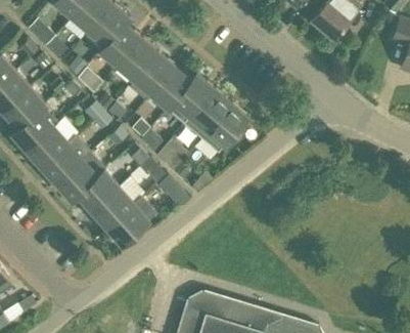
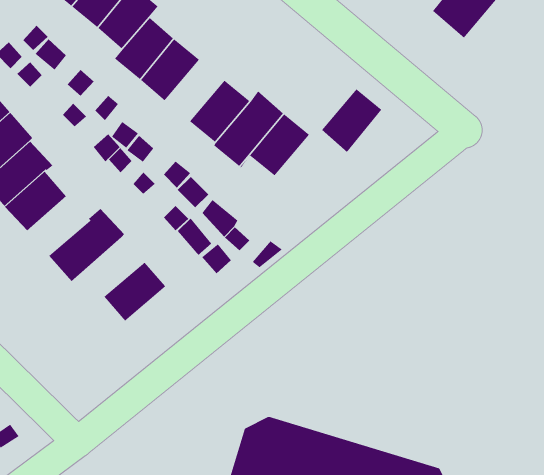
building: [133,52,173,93] -> none
building: [207,102,247,145] -> [321,89,382,153]
building: [41,135,90,183] -> none
building: [78,171,120,211] -> none
building: [106,204,149,244] -> none

